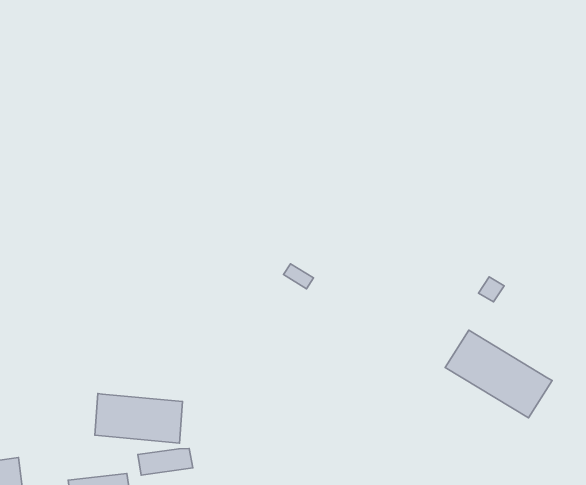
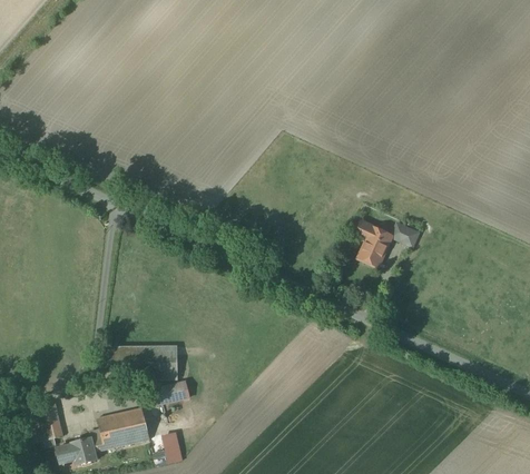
building: none -> [357,221,393,267]
building: [445,330,552,418] -> none

